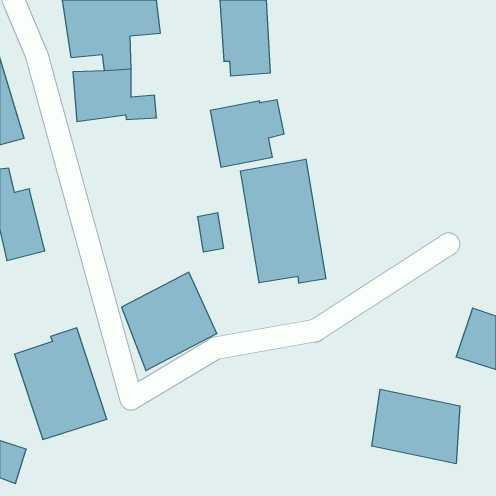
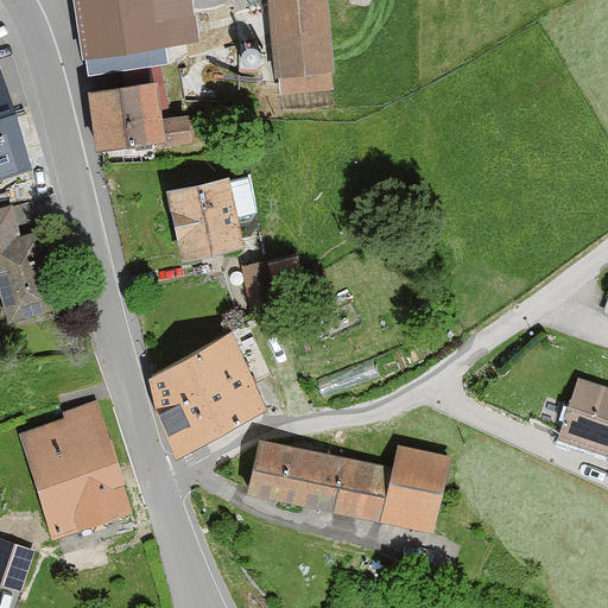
building: [210,100,284,167] -> [166,177,256,259]
building: [240,159,326,283] -> none
building: none -> [248,444,448,530]
building: [372,389,460,464] -> none

